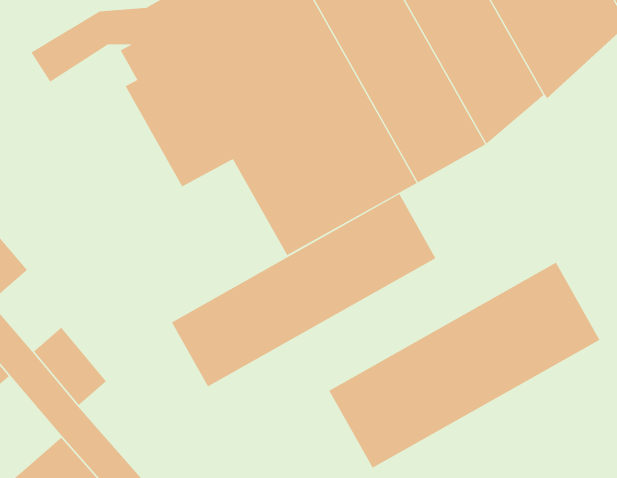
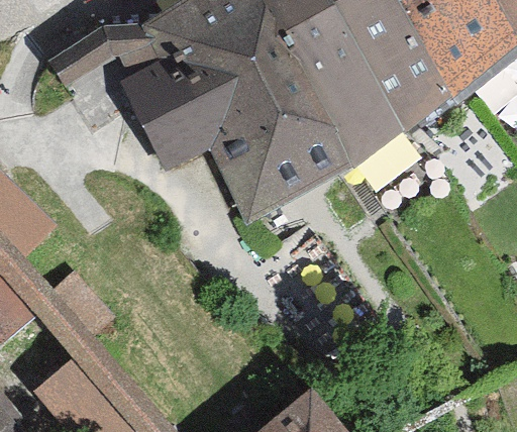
building: [171,193,436,387] -> none
building: [328,262,600,469] -> none

